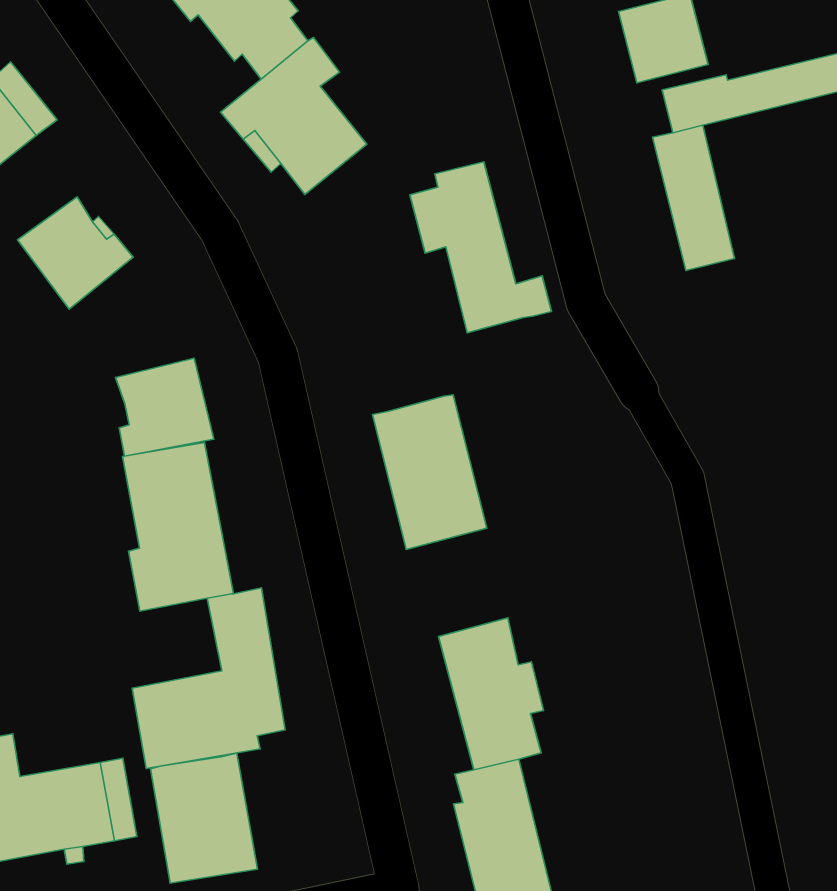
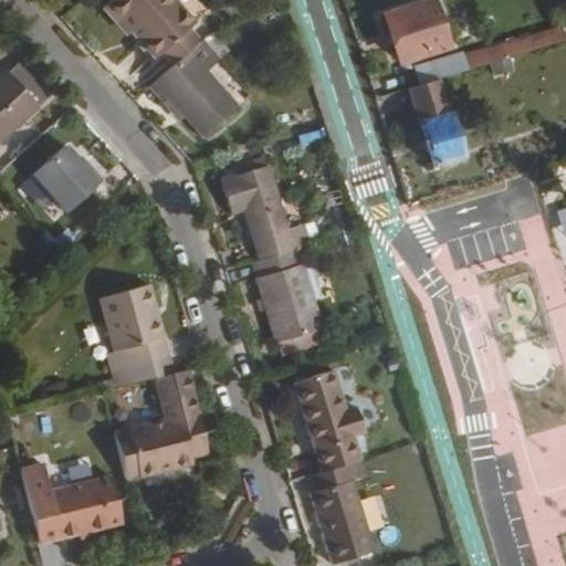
building: [410,162,551,333] -> [220,158,308,261]
building: [115,358,214,456] -> none
building: [150,753,257,883] -> none

